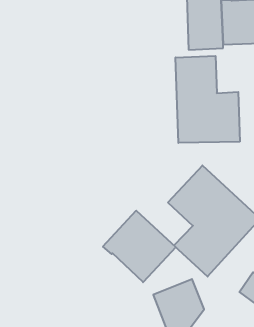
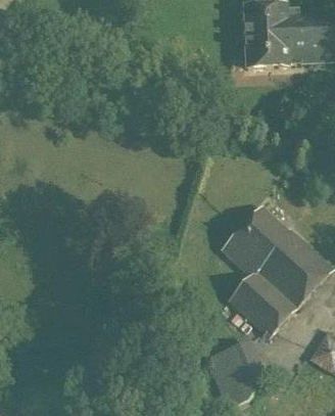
building: [176,56,240,143] -> none
building: [103,211,176,282] -> none

